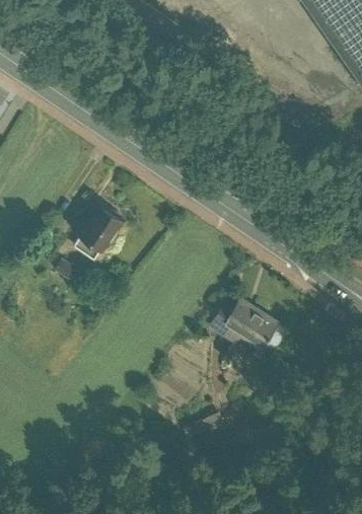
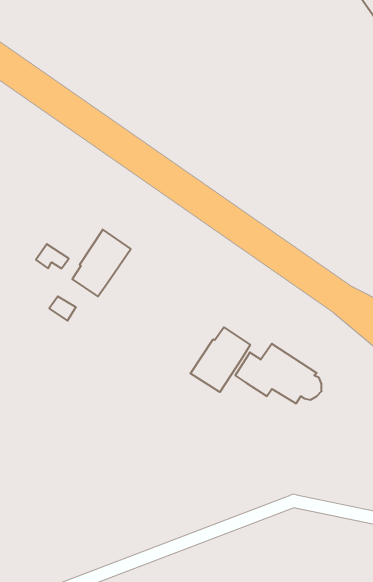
building: none -> [190,327,250,392]

